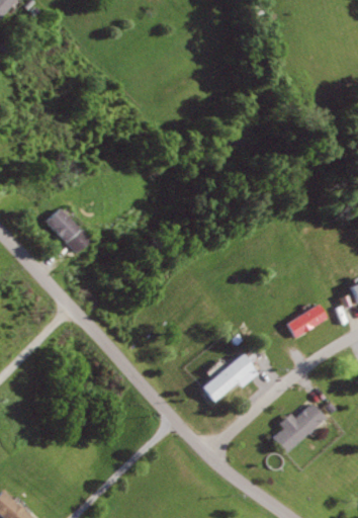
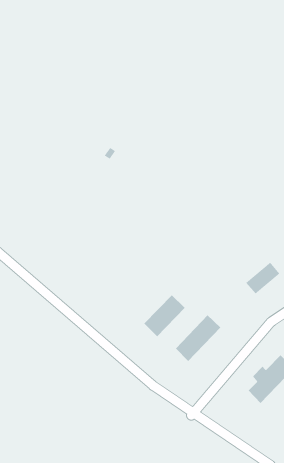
building: [47,208,90,253] -> none
building: none -> [144,294,186,337]

